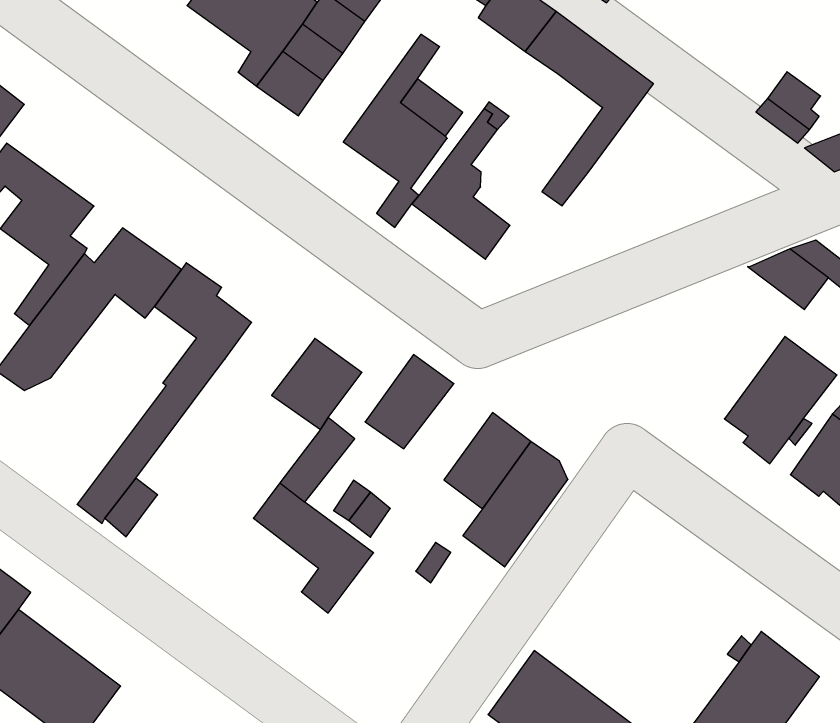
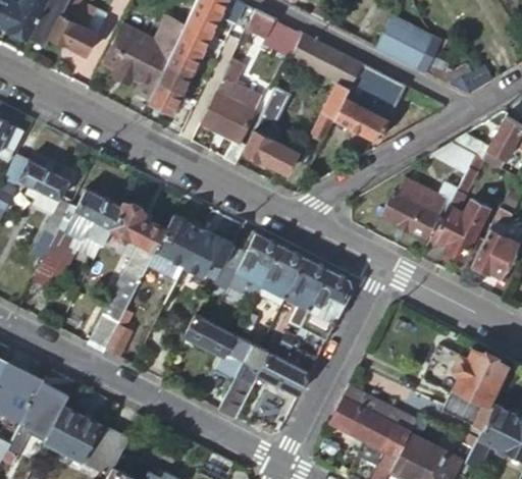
building: none -> [380,19,432,68]
building: none -> [335,64,407,140]
building: none -> [382,178,456,238]
building: none -> [148,217,202,280]
building: none -> [260,245,305,308]
building: none -> [218,343,309,419]

